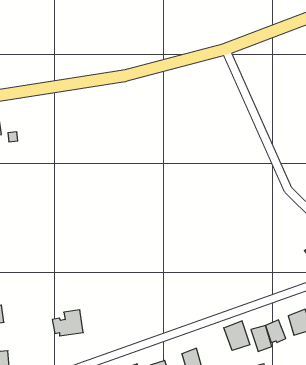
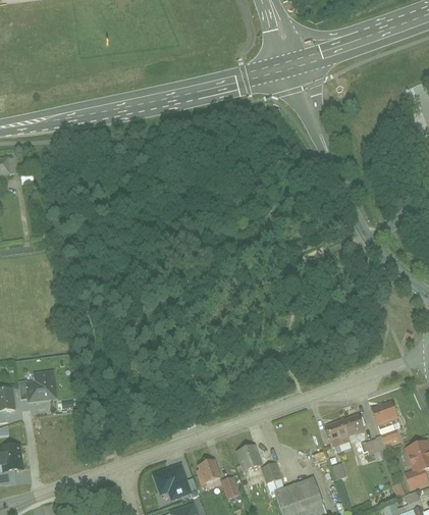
building: [52,310,83,336] -> [17,370,56,403]
building: [224,321,250,350] -> none

